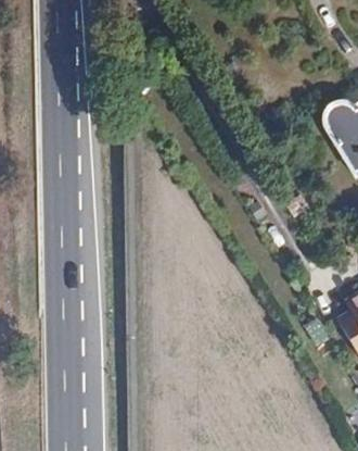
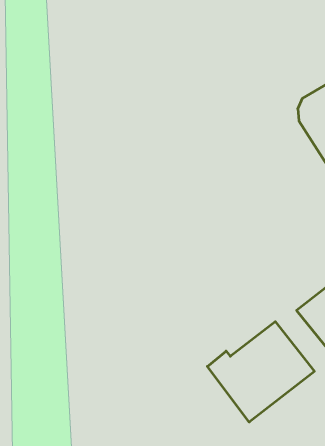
building: none -> [207,322,314,422]

